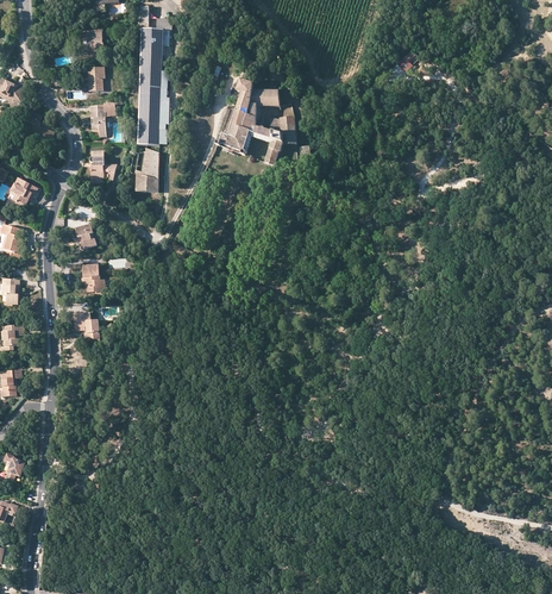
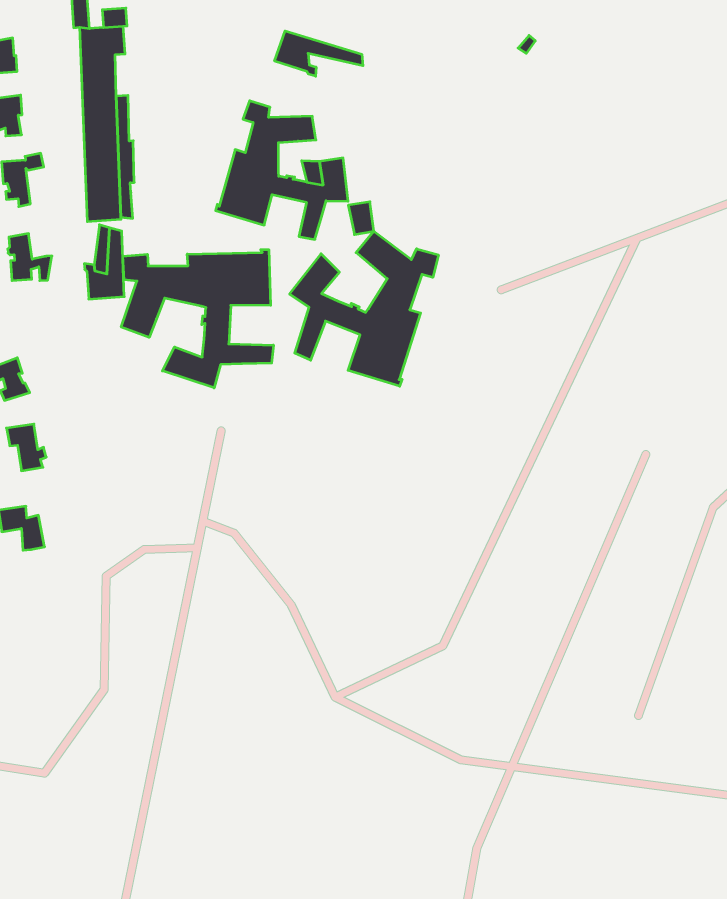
building: none -> [275,31,363,76]
building: none -> [290,231,438,386]
building: none -> [121,250,273,388]

